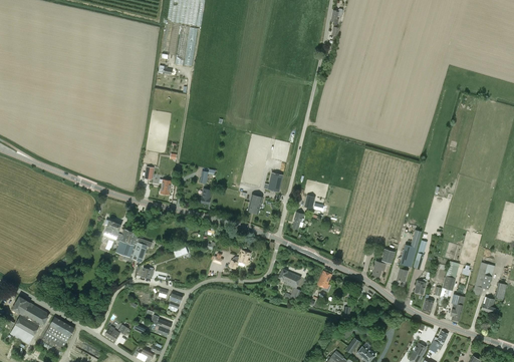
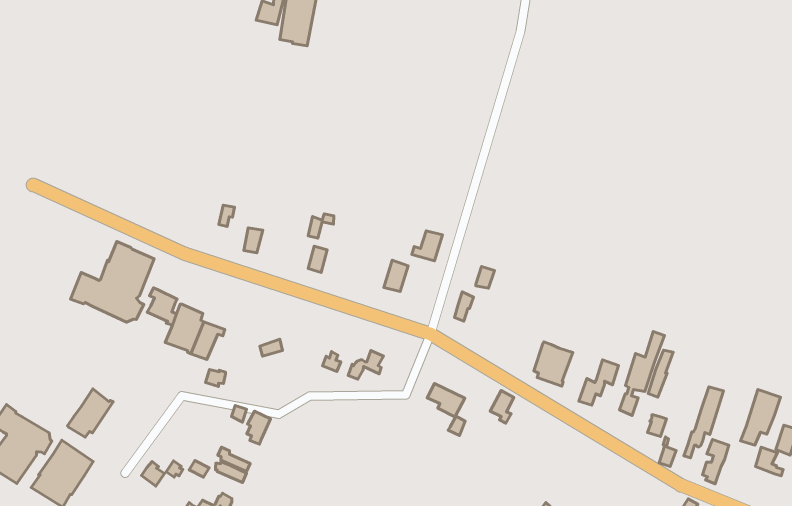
building: none -> [71,241,154,322]
building: none -> [534,342,573,386]
building: none -> [68,389,113,437]

